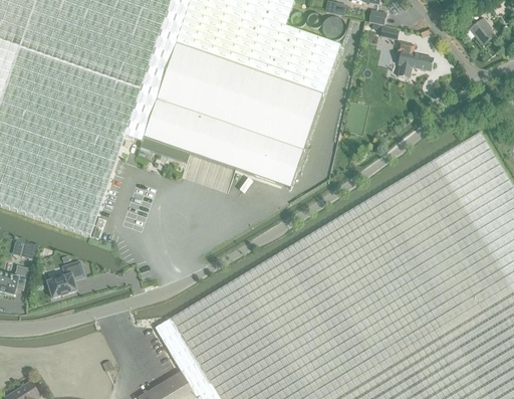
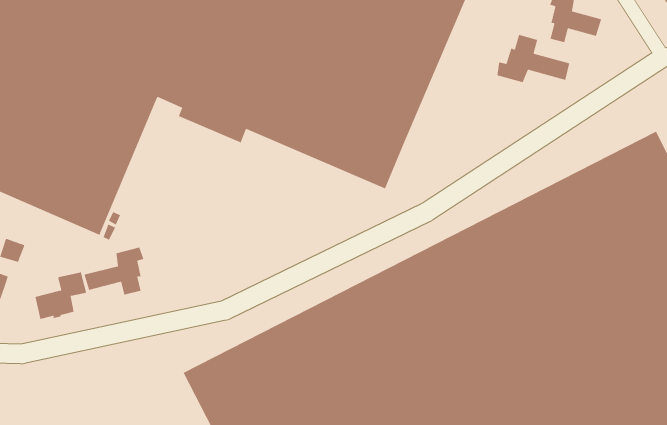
building: none -> [496,34,570,83]
building: none -> [84,247,145,296]

